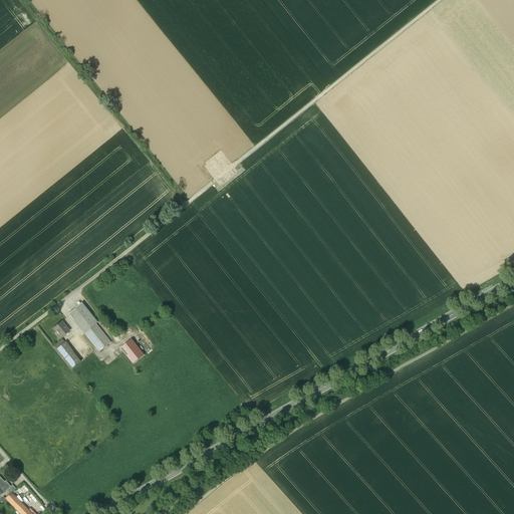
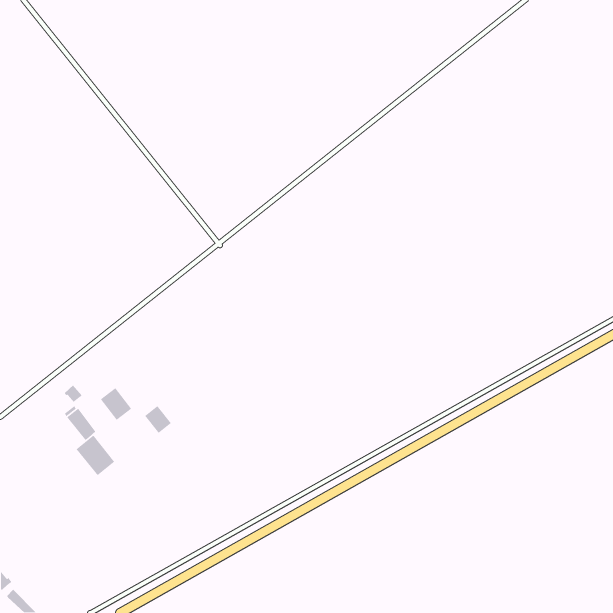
building: [68,301,99,333] -> none
building: none -> [76,435,115,476]

